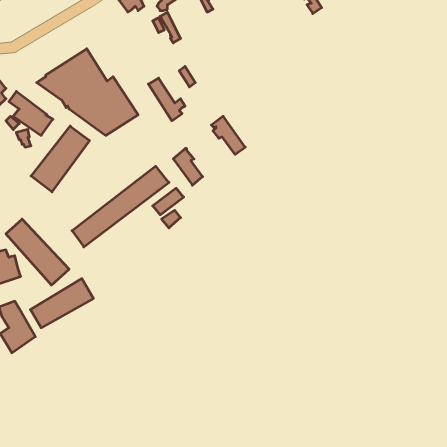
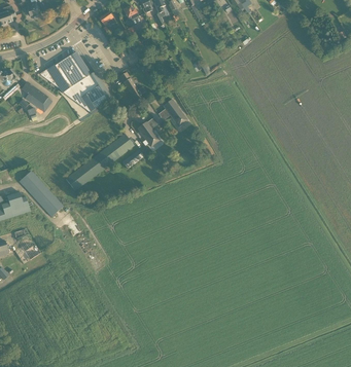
building: [31,126,89,192] -> none
building: [30,279,93,328] -> none

